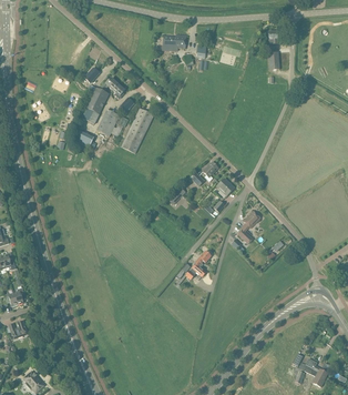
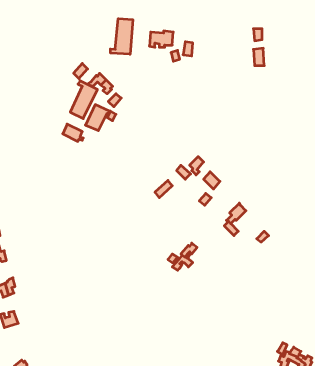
building: none -> [110,19,133,54]
building: [122,108,154,153] -> none

